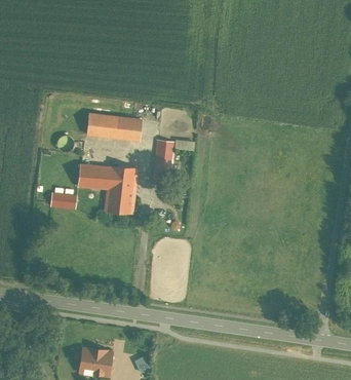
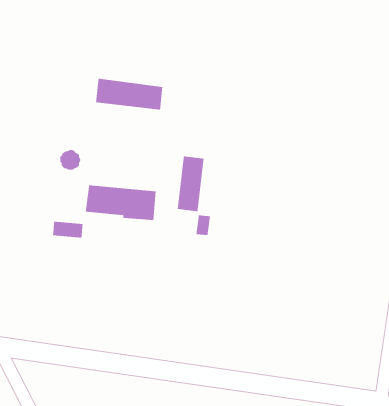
building: [86,113,142,140] -> [95,78,163,111]
building: [106,191,133,213] -> none

